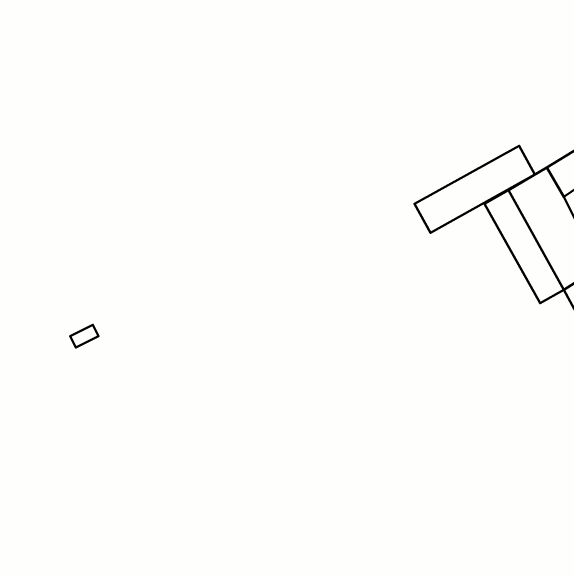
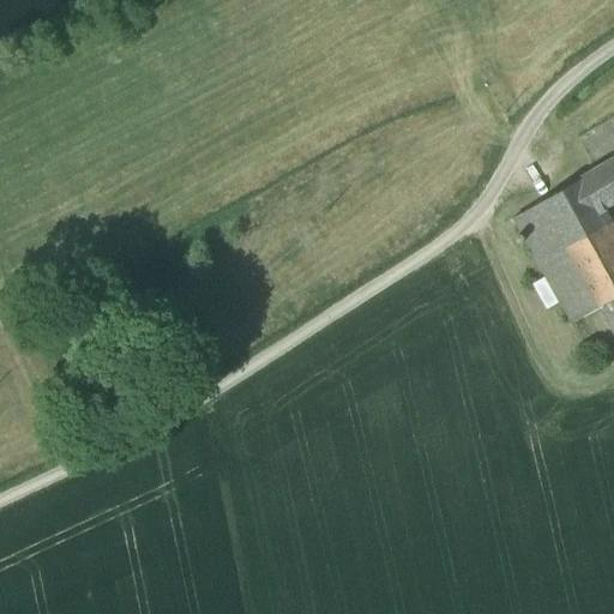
building: [415,146,535,233] -> none

